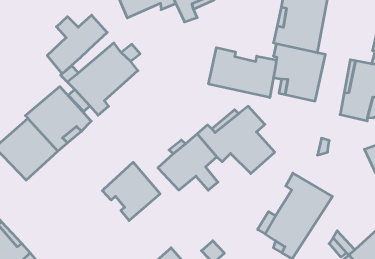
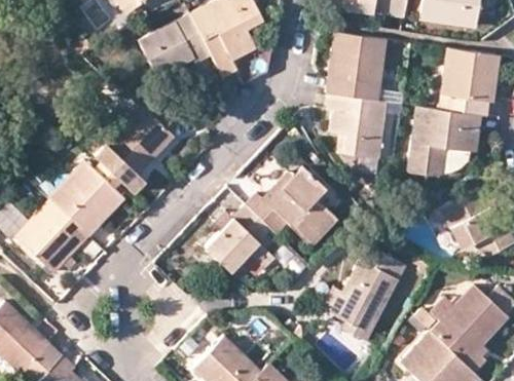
building: [47,15,107,74] -> none
building: [209,48,276,98] -> none
building: [102,162,160,221] -> none

